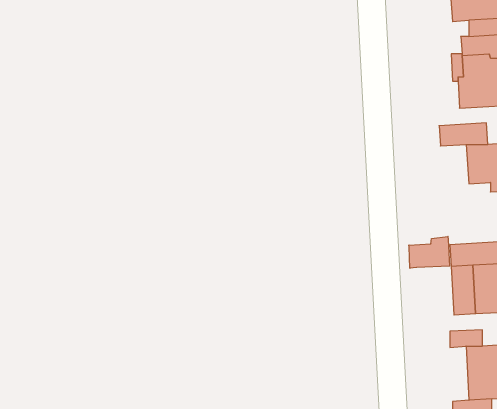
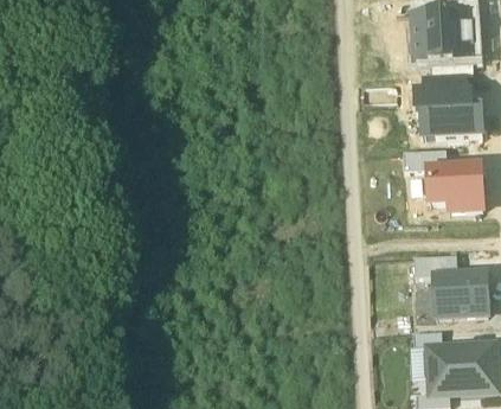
building: [409,236,450,268] -> none

